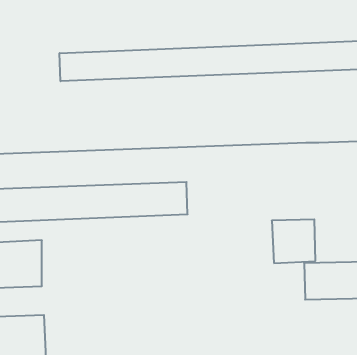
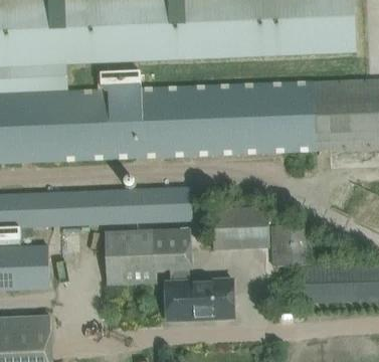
building: none -> [211,208,266,250]
building: none -> [104,228,234,321]

